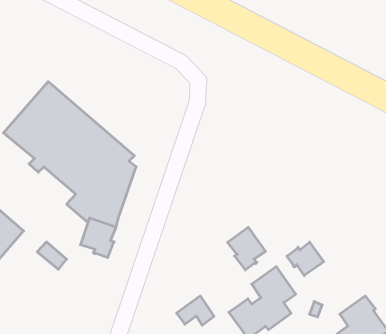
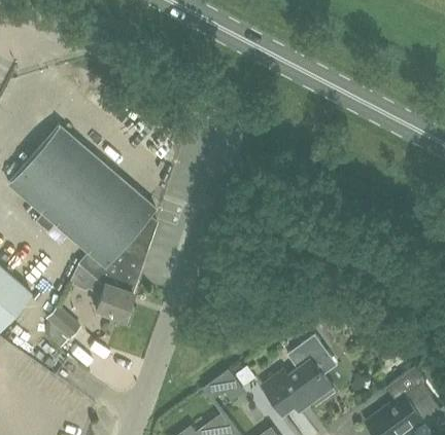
building: [228,227,265,270] -> none
building: [287,242,324,276] -> none

